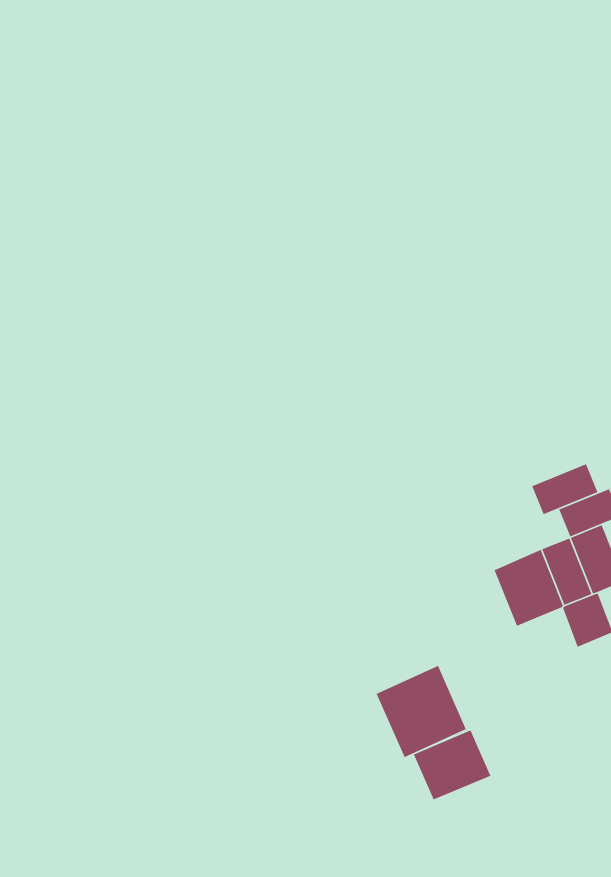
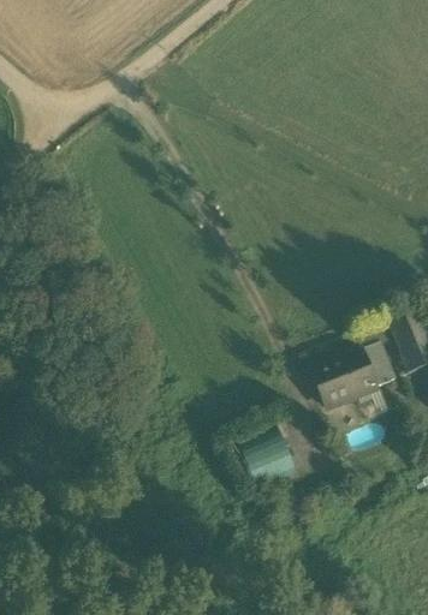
building: [531,463,599,515] -> none
building: [413,730,492,800] -> none

